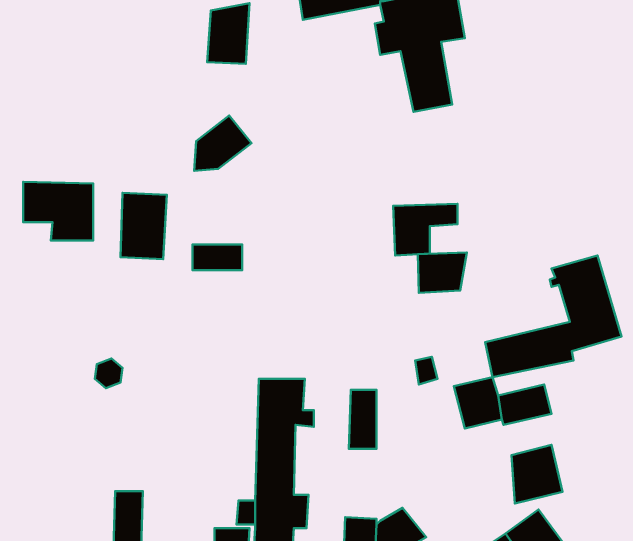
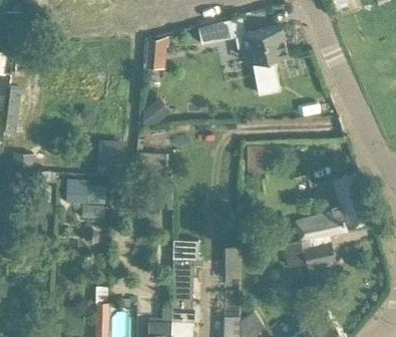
building: [23,182,93,241] -> [67,183,105,215]
building: [418,252,467,293] -> none
building: [511,445,563,503] -> none

